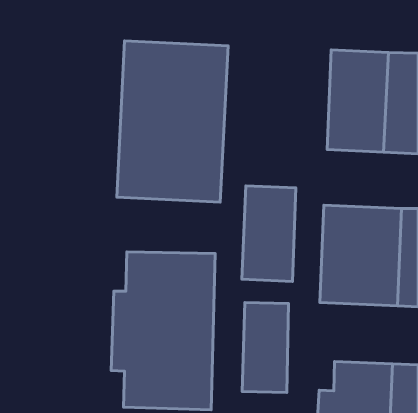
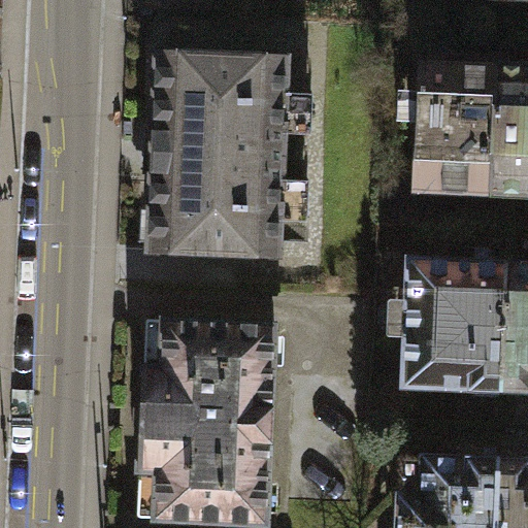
building: [242,186,296,281] -> none
building: [242,302,289,393] -> none

